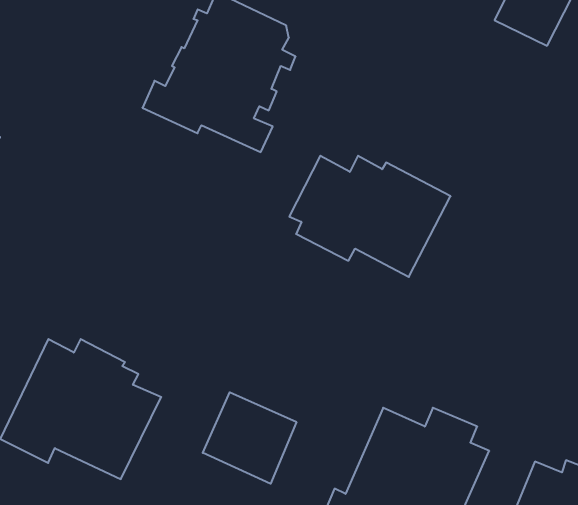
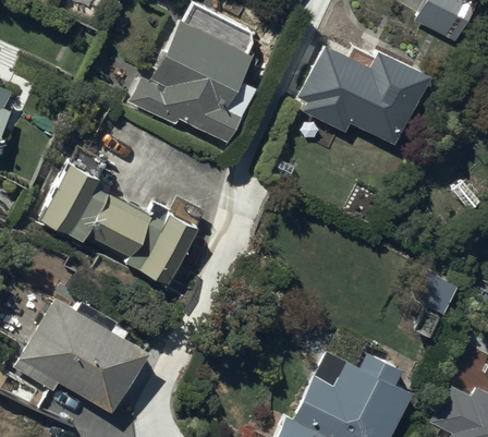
building: [289,156,451,277] -> [298,50,429,148]
building: none -> [42,174,206,295]
building: [203,392,296,484] -> none

